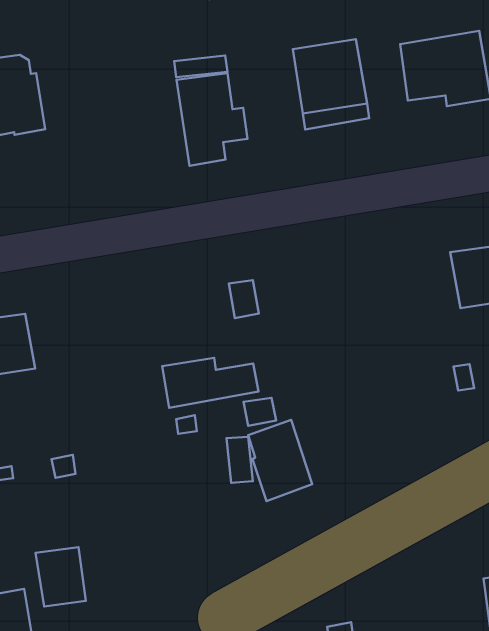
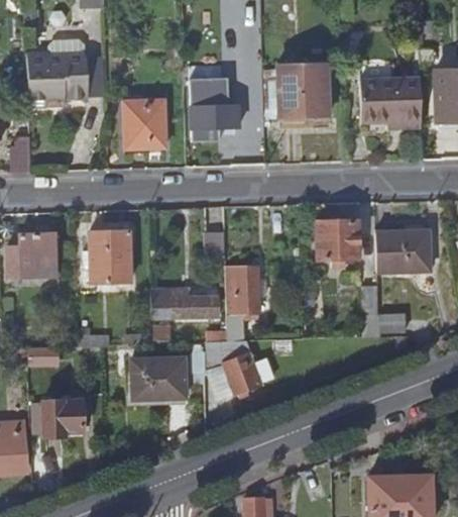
building: none -> [124,98,166,145]
building: none -> [322,223,364,261]
building: none -> [89,231,131,283]
building: none -> [228,264,260,311]
building: none -> [130,356,184,398]

